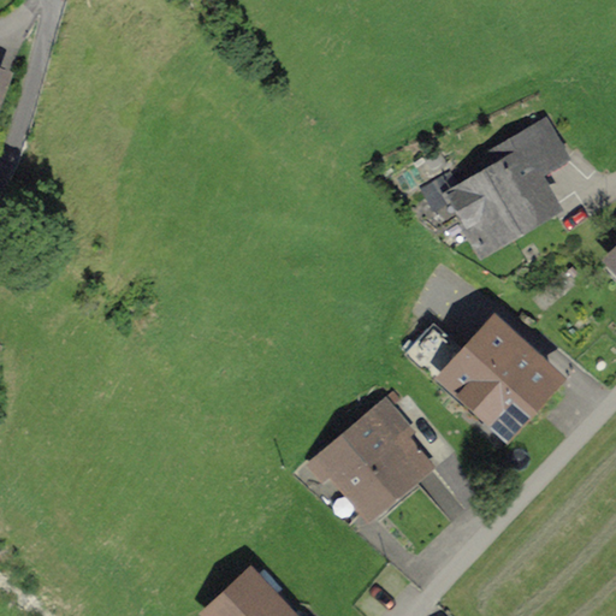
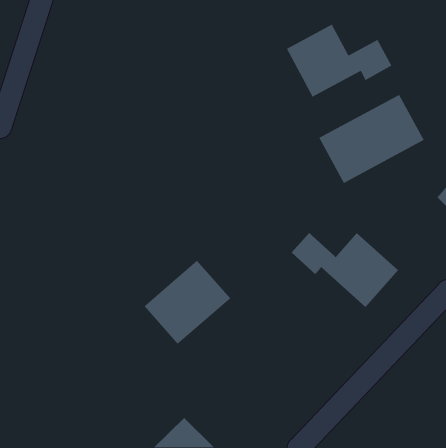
building: none -> [286,23,392,98]
building: [319,403,439,520] -> [143,260,231,345]

